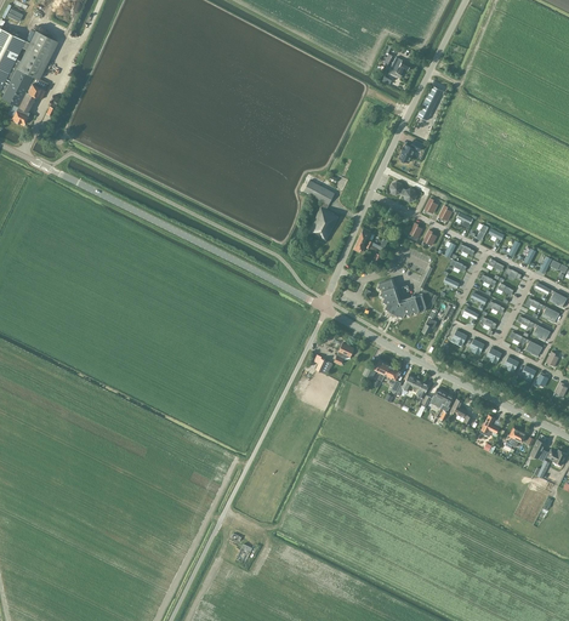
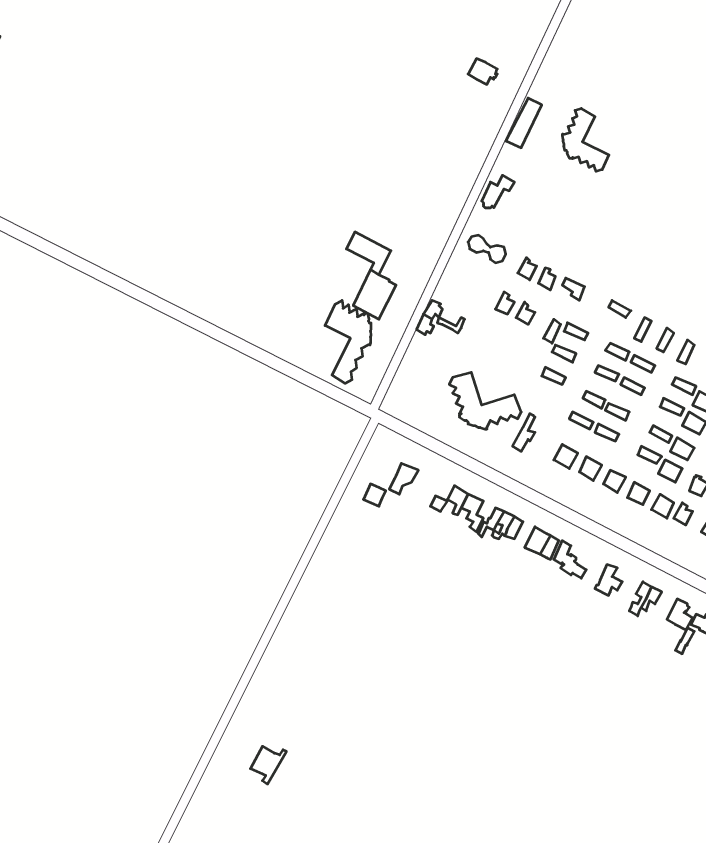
building: none -> [562,108,609,171]
building: none -> [325,300,371,383]

